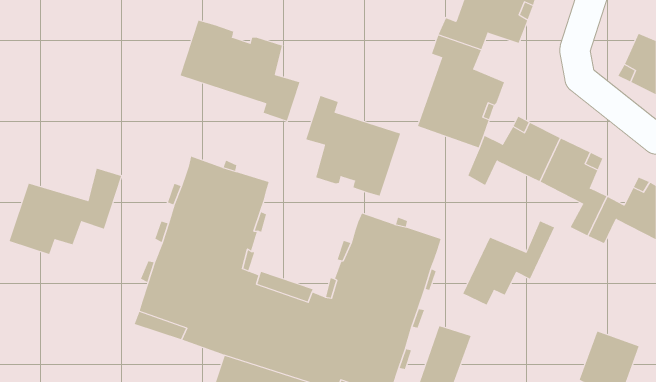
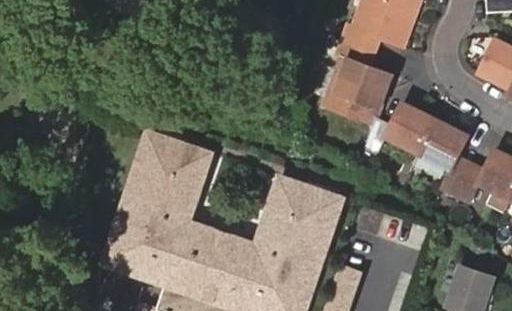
building: [180,20,300,122] -> none
building: [305,95,401,197] -> none
building: [9,168,122,255] -> none
building: [462,221,555,305] -> none

